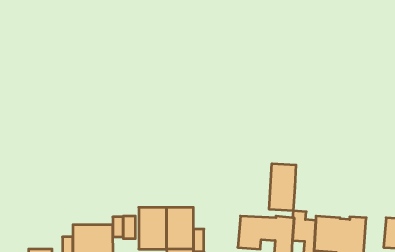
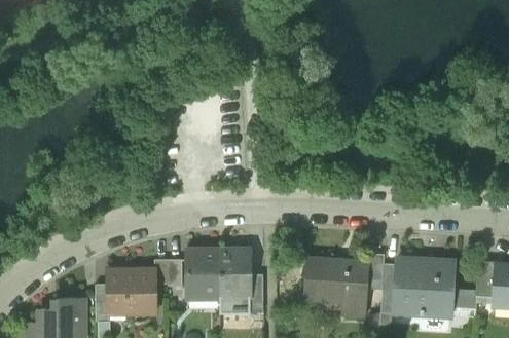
building: [269,164,296,211] -> none

